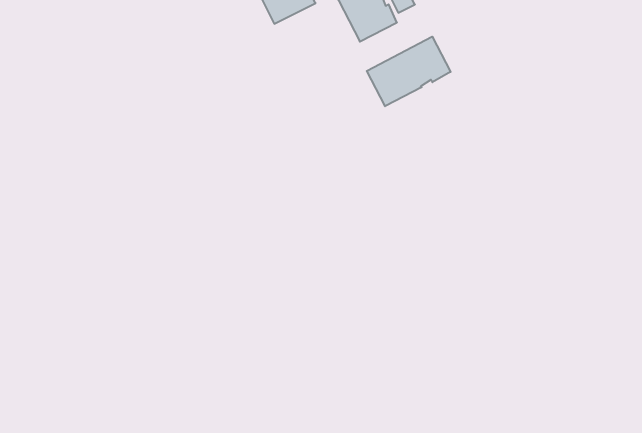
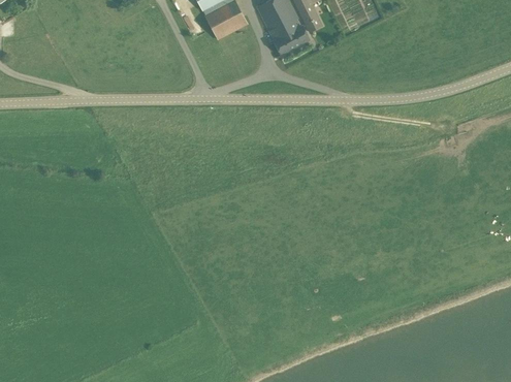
building: [367,37,451,106] -> none

